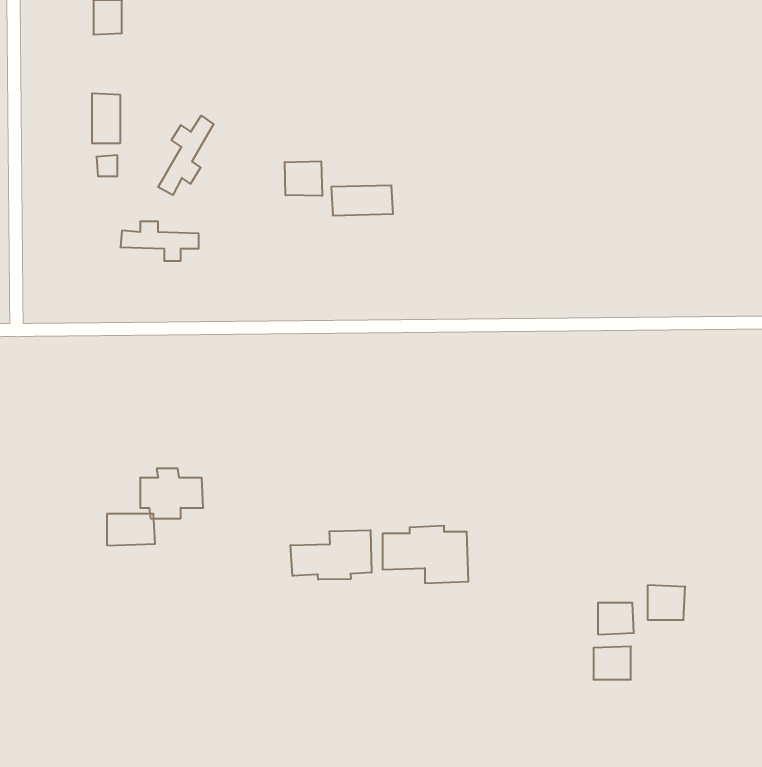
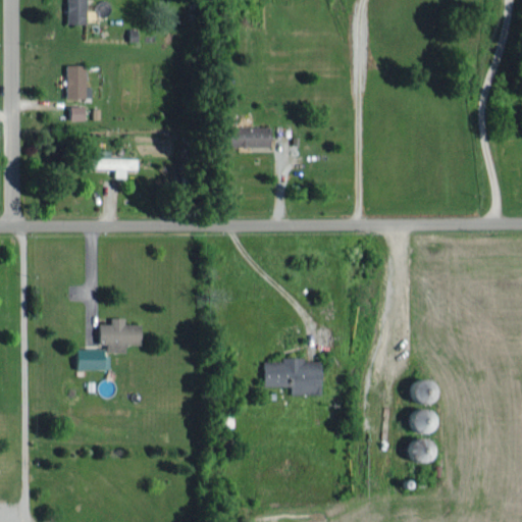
building: [158,116,214,195] -> none
building: [285,161,322,196] -> none
building: [291,530,372,580] -> none
building: [648,585,685,620] -> [410,380,435,404]

